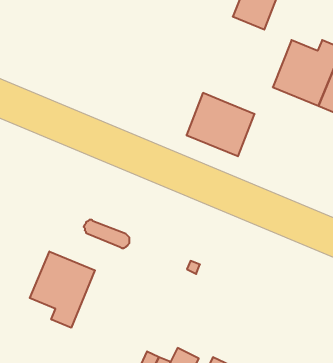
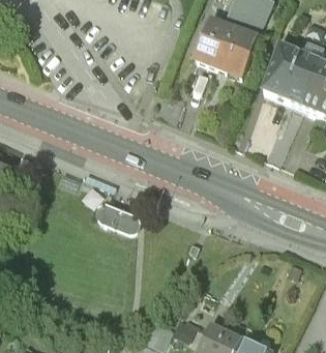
building: [186,93,255,156] -> [196,20,256,76]
building: [30,251,95,328] -> none

